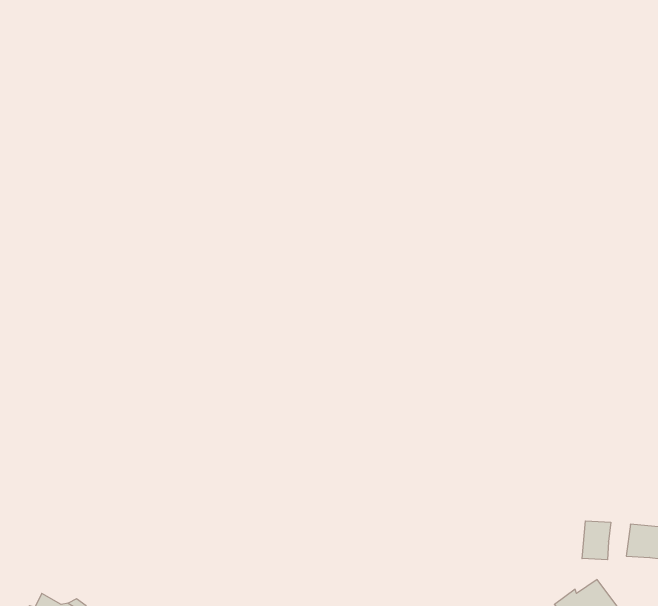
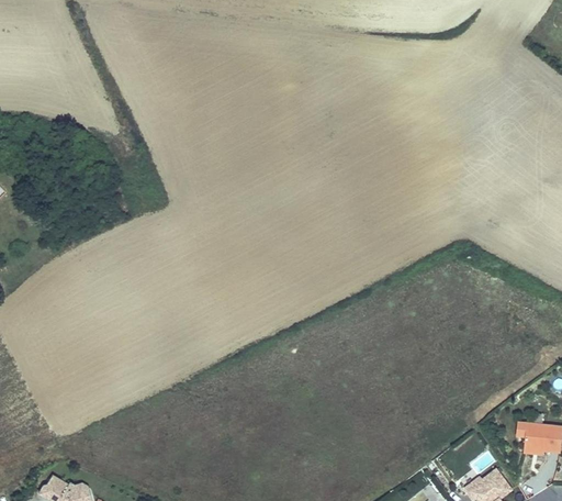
building: [582,521,611,560] -> none

